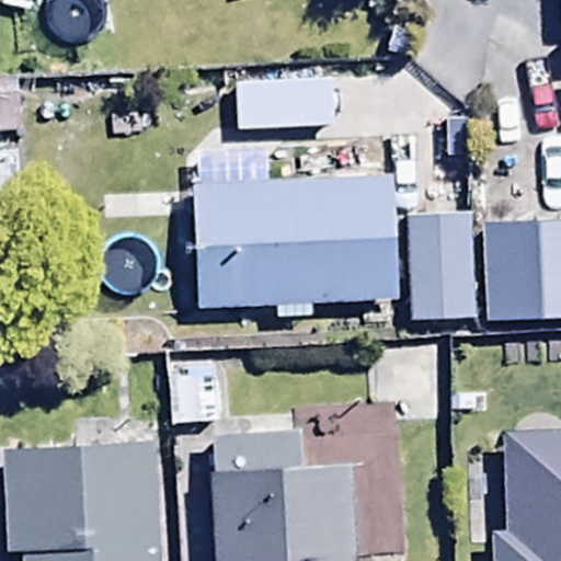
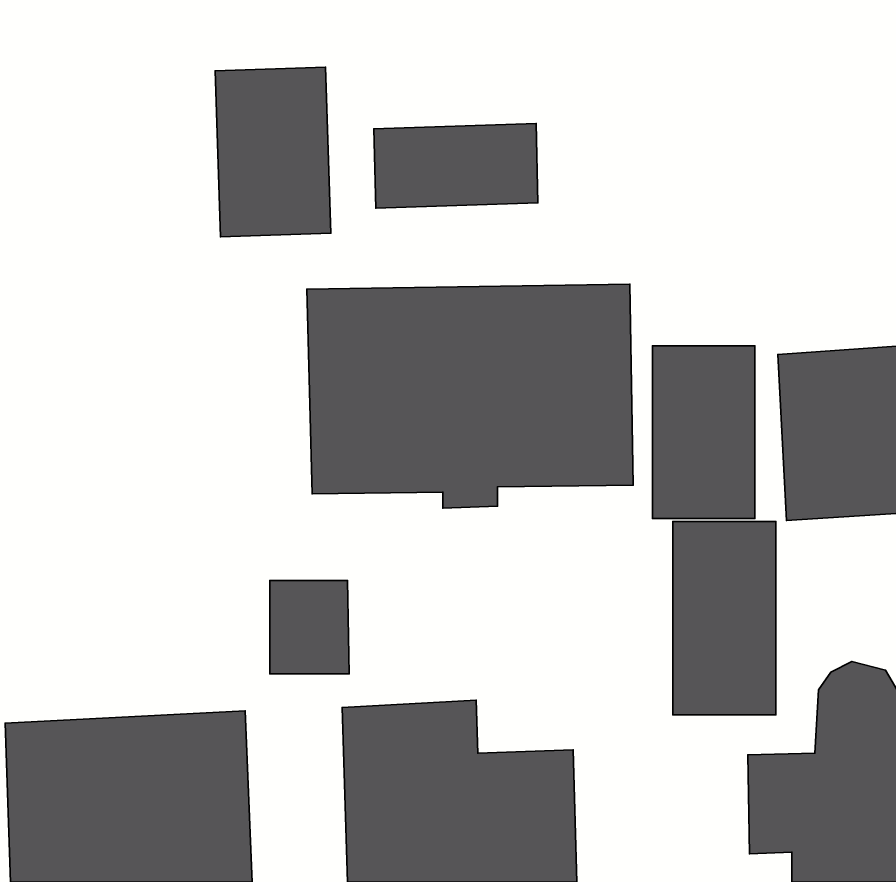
building: none -> [215,67,331,237]
building: none -> [673,521,776,715]

